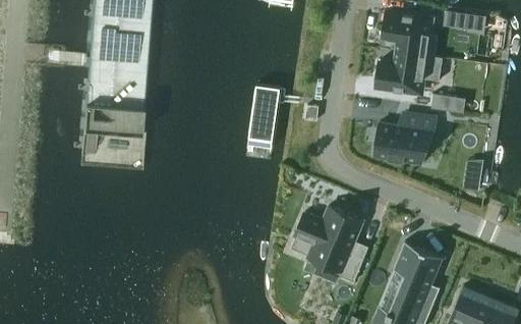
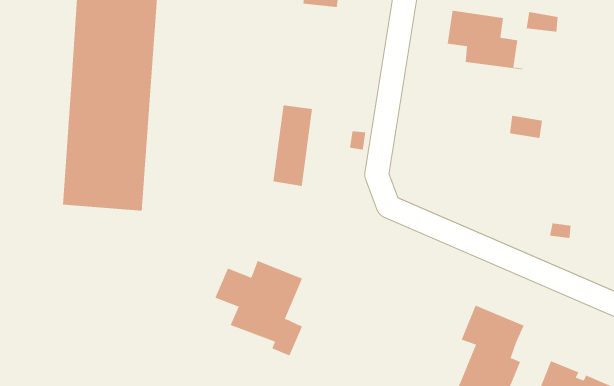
building: [373,51,441,93] -> none
building: [372,112,436,163] -> none
building: [293,206,362,281] -> [214,260,303,356]

